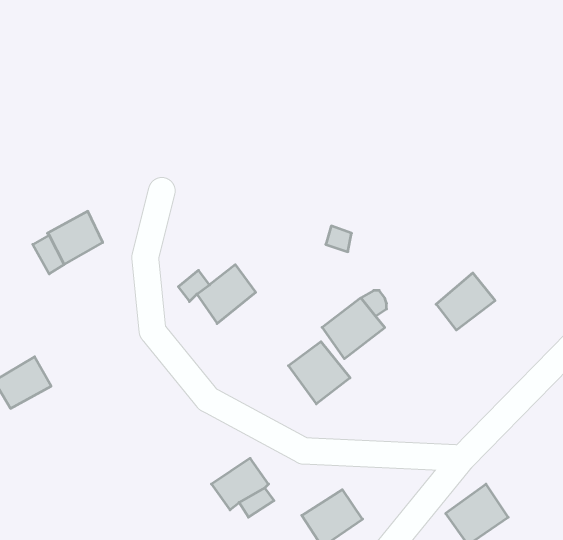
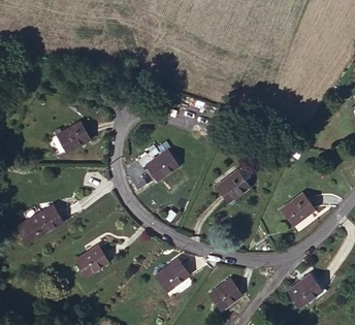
building: [436,273,495,330] -> [284,192,317,224]
building: [288,342,350,404] -> none
building: none -> [75,237,108,270]

